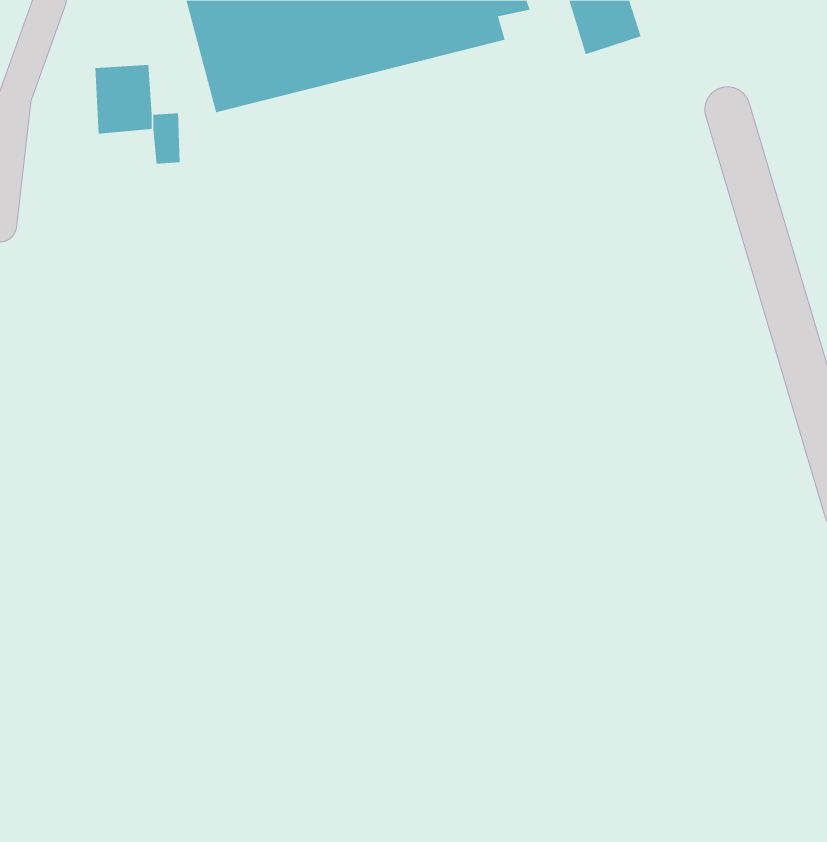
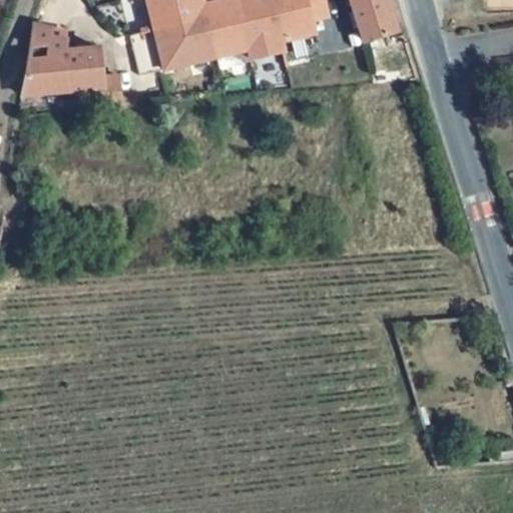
building: none -> [24,19,71,88]

